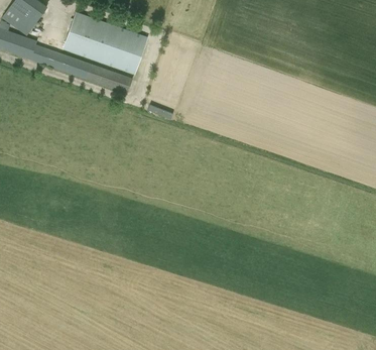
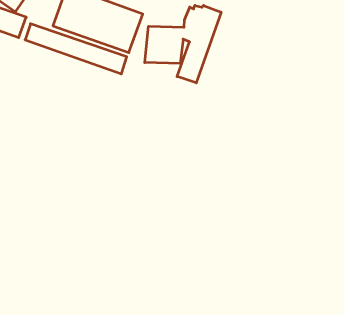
building: none -> [145,5,221,83]

